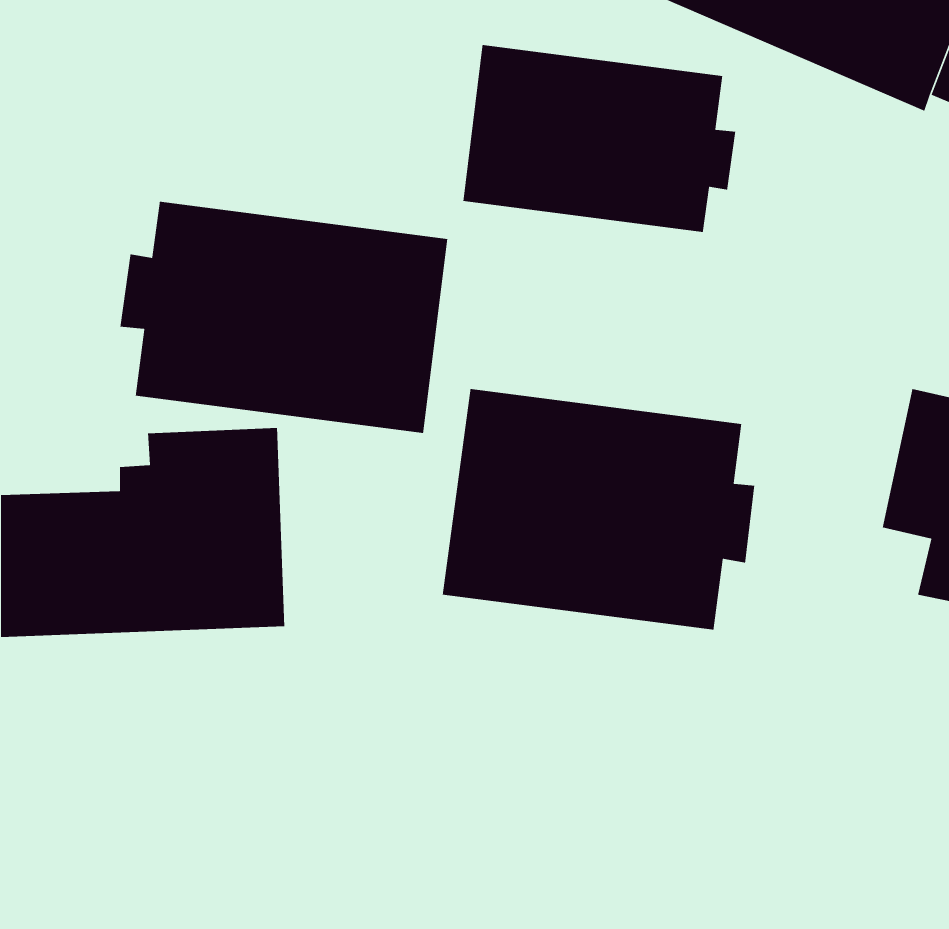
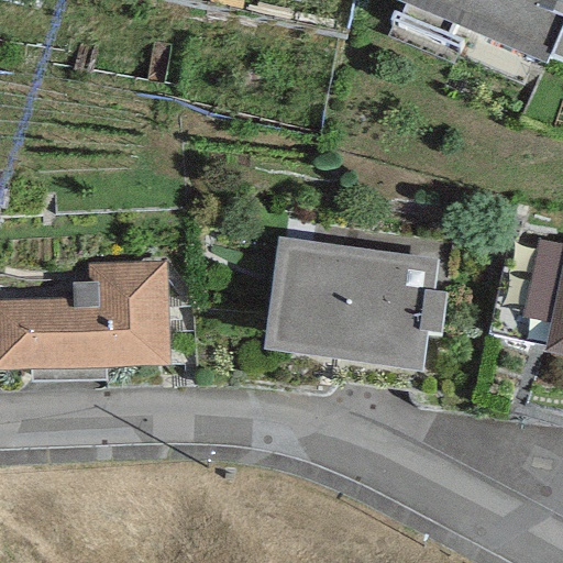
building: [462,44,736,233] -> none
building: [120,201,448,434] -> none

